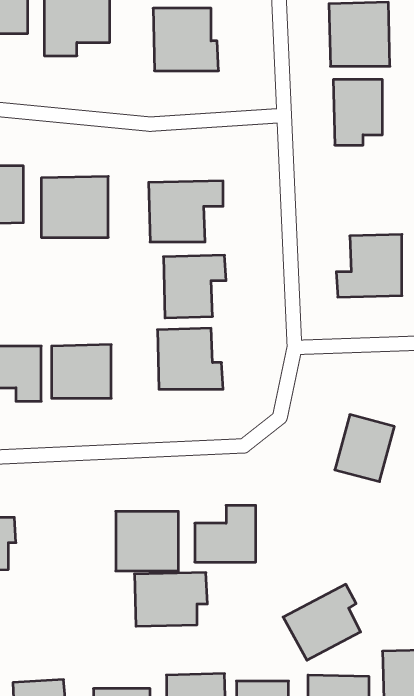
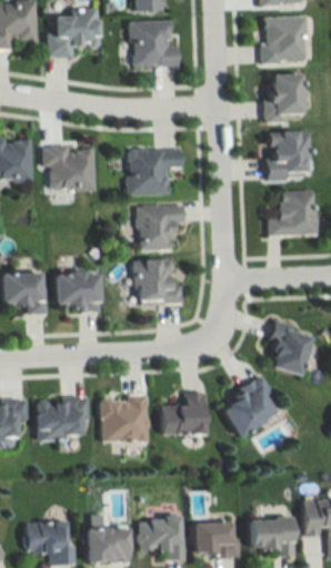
building: none -> [267,131,309,180]
building: [134,573,207,626] -> [37,398,91,438]
building: [283,584,361,660] -> [219,378,277,435]

